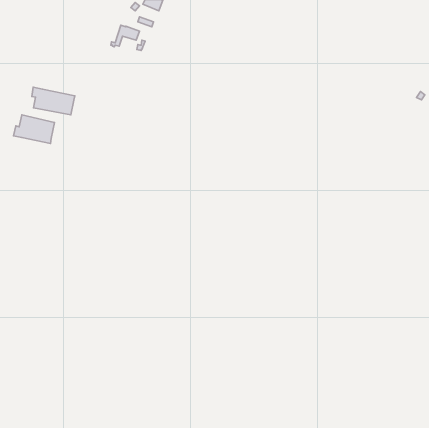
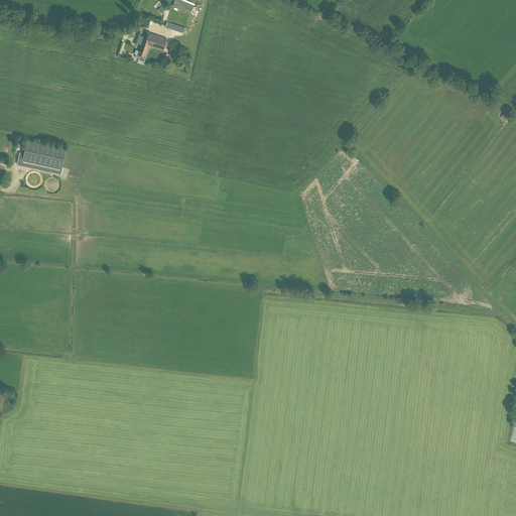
building: [32,87,75,115] -> none

